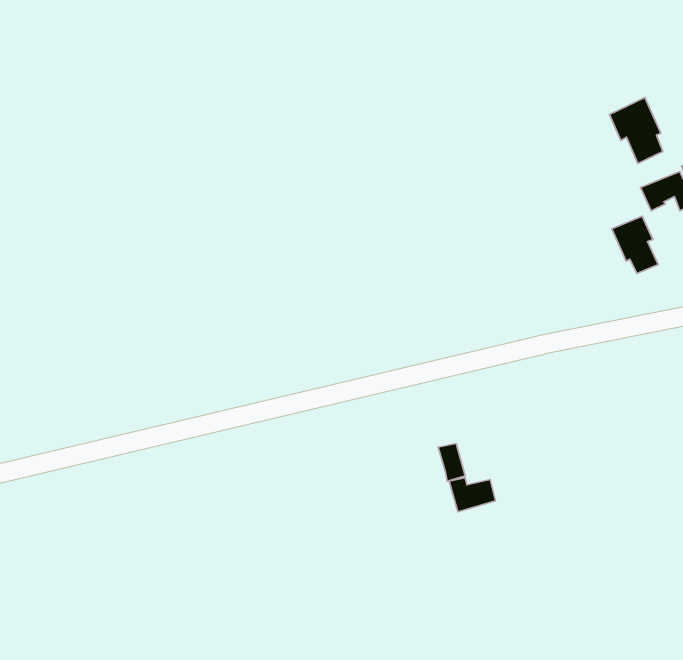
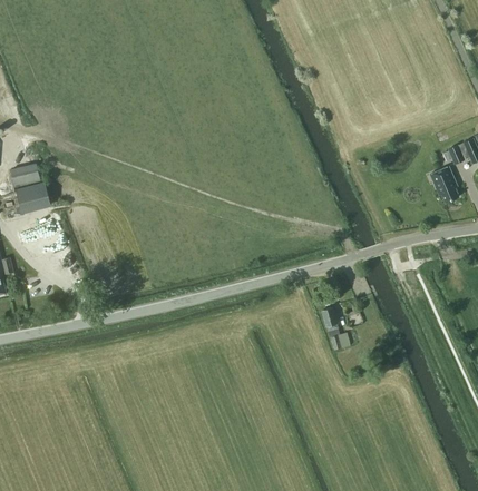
building: [610,98,663,163] -> none

